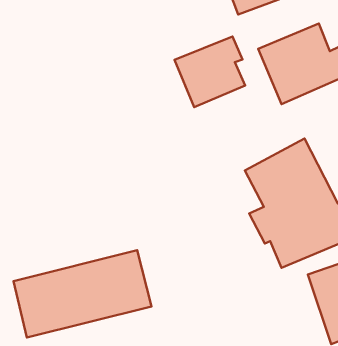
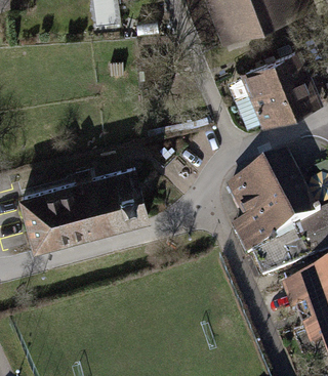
building: [174,36,245,107] -> none
building: [13,250,152,338] -> [20,168,149,249]

